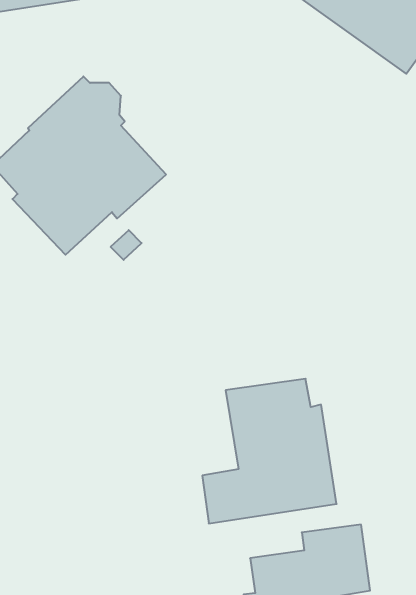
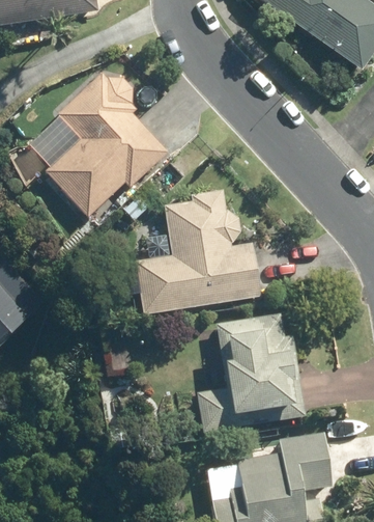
building: none -> [135,190,260,314]

